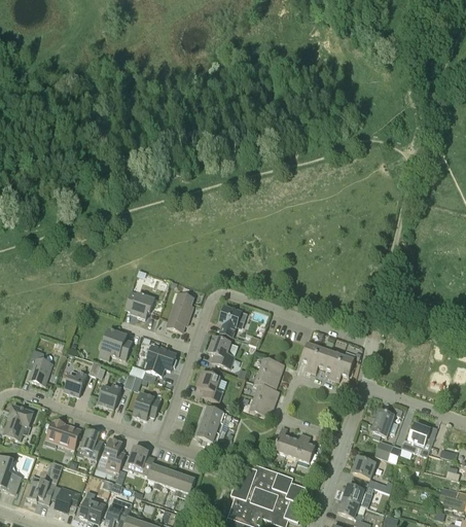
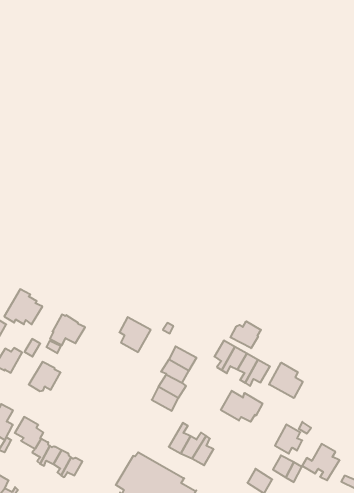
building: [124,290,155,319] -> none
building: [167,292,193,331] -> none
building: [220,305,247,338] -> none
building: none -> [230,321,261,348]
building: none -> [269,363,303,398]
building: [196,371,222,400] -> none
building: none -> [221,391,262,422]
building: [195,407,231,446] -> none

